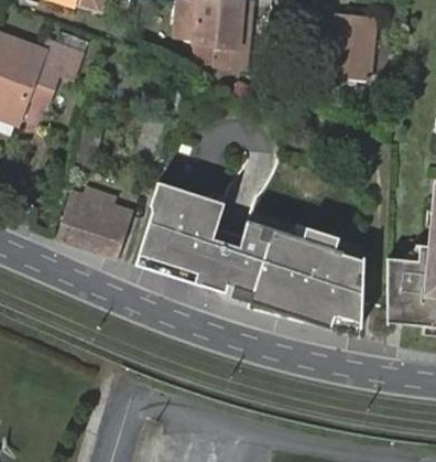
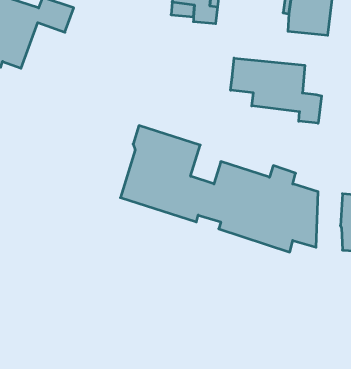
building: none -> [231,58,322,123]
building: [61,198,133,257] -> none

